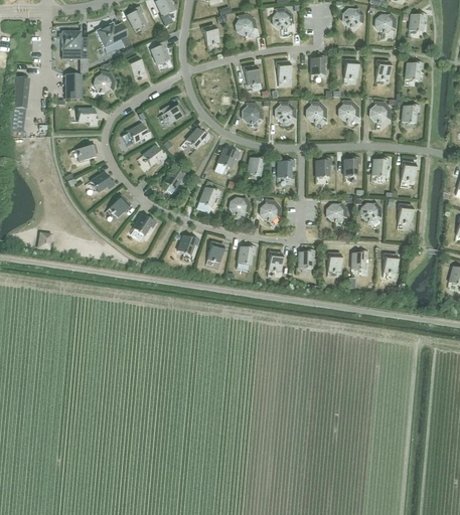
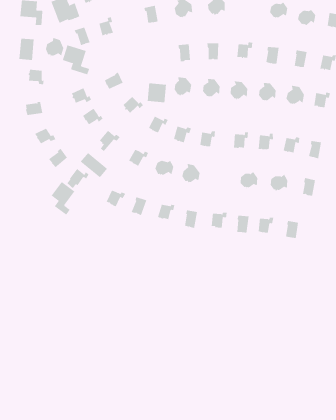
building: none -> [62,44,90,75]
building: none -> [147,83,166,103]
building: none -> [80,152,108,178]
building: none -> [51,181,75,216]

